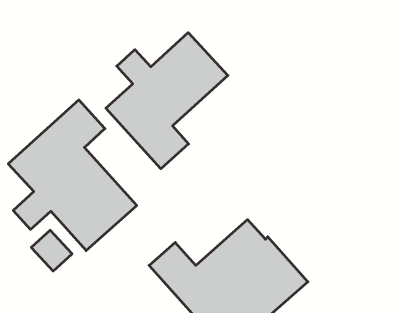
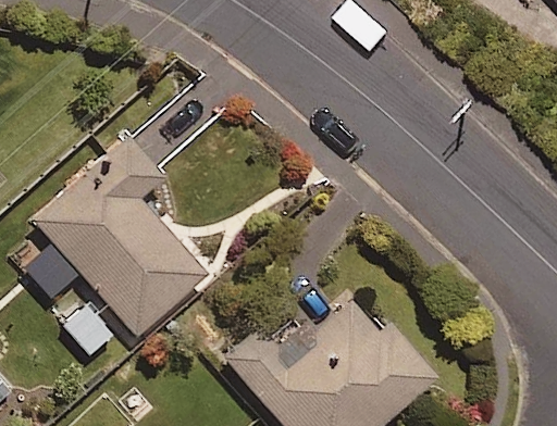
building: [106,33,228,169] -> none

